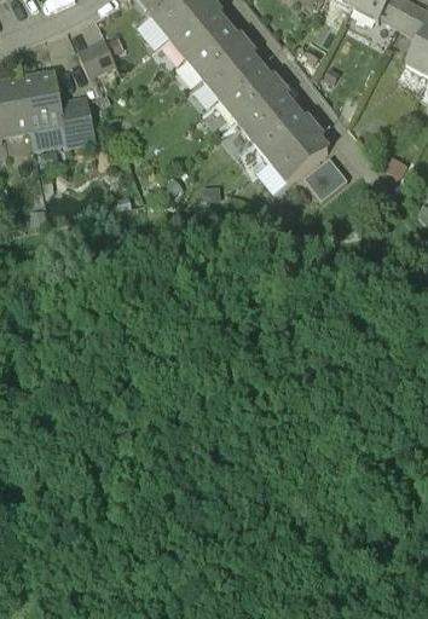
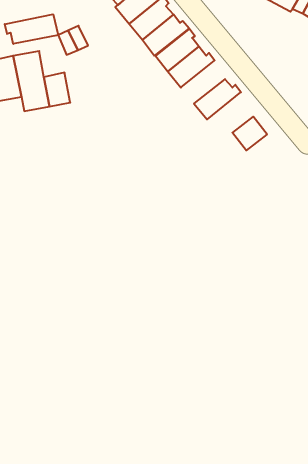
building: none -> [5,14,58,44]
building: [236,83,293,139] -> none
building: [270,125,326,181] -> none

